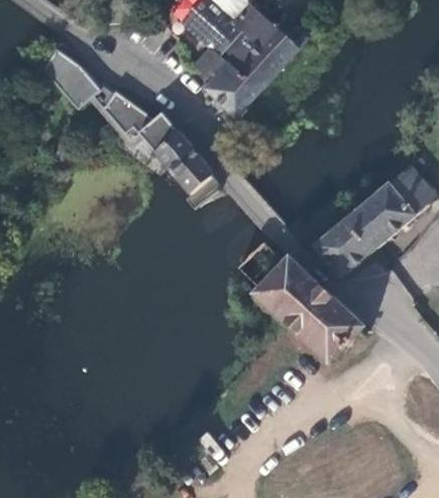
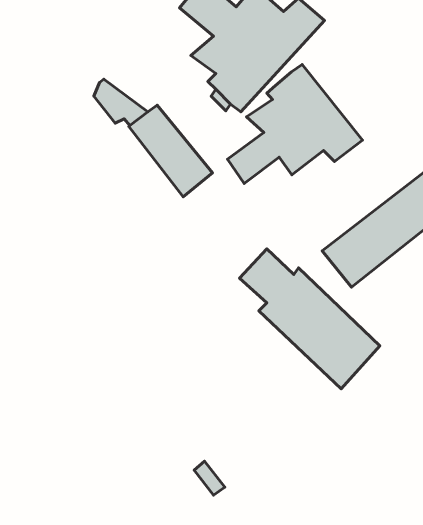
building: [41,45,100,105] -> none
building: none -> [228,64,362,184]

